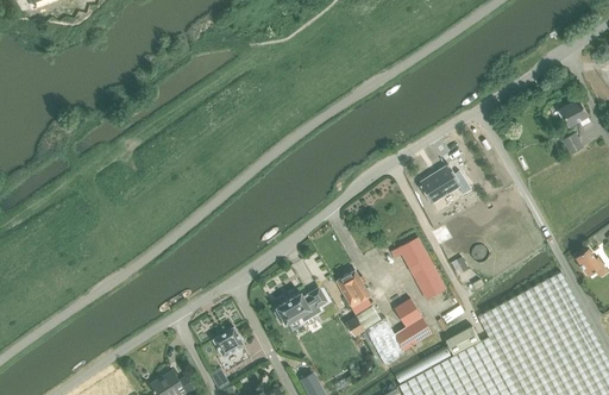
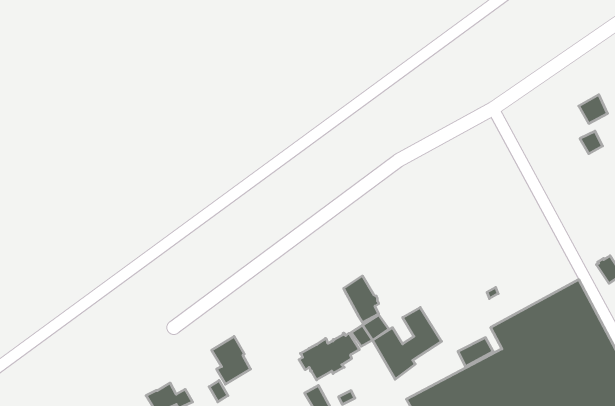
building: [420,167,470,201] -> none
building: [391,237,445,299] -> none
building: [275,287,332,331] -> [299,333,359,380]

